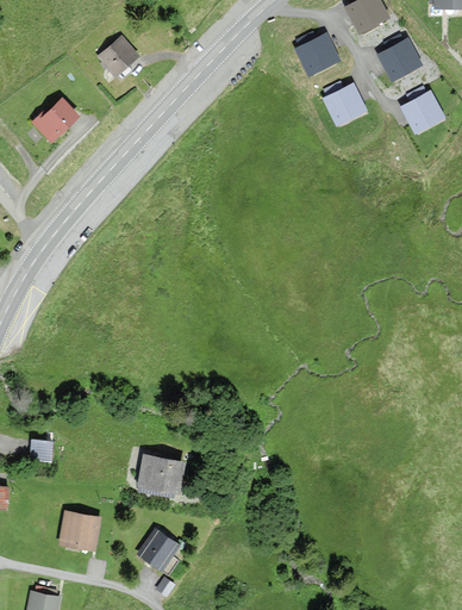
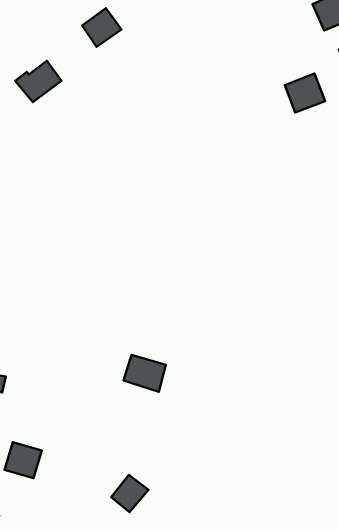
building: [294,32,341,76] -> none
building: [139,456,183,493] -> [123,355,166,392]
building: [139,529,179,569] -> [111,475,148,512]

